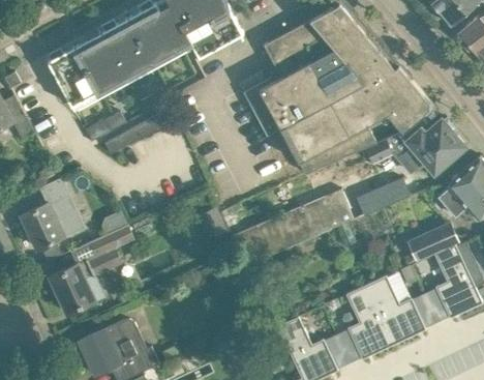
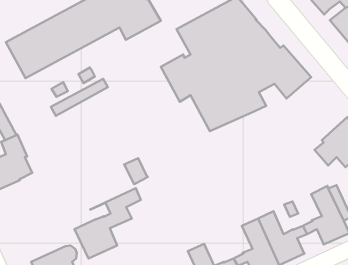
building: [364,118,466,174] -> none
building: [234,173,417,266] -> none
building: [409,223,459,260] -> none
building: [51,225,134,314] -> [75,188,141,258]

